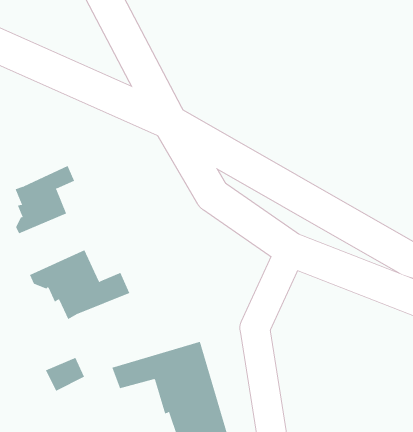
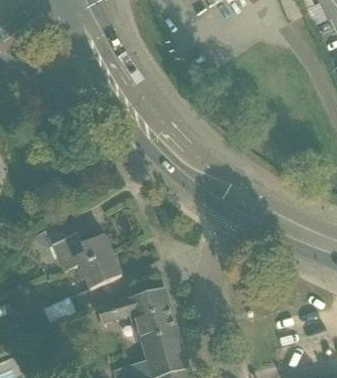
building: [15,165,75,234] -> none
building: none -> [63,250,122,290]

